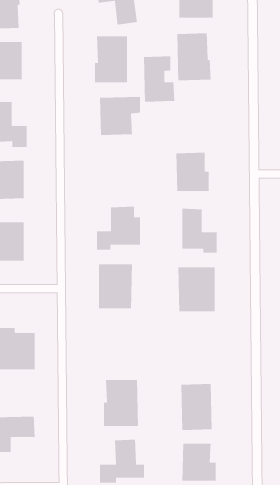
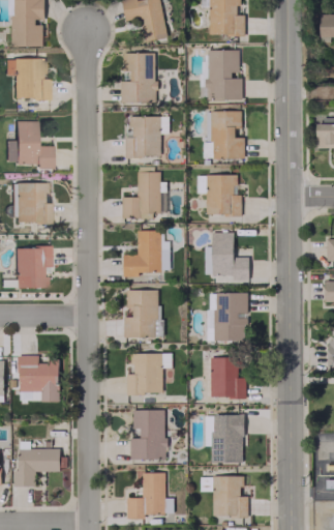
building: [143,56,175,102] -> [213,111,246,159]
building: none -> [123,172,169,218]
building: none -> [127,354,165,393]
building: none -> [211,357,247,398]

